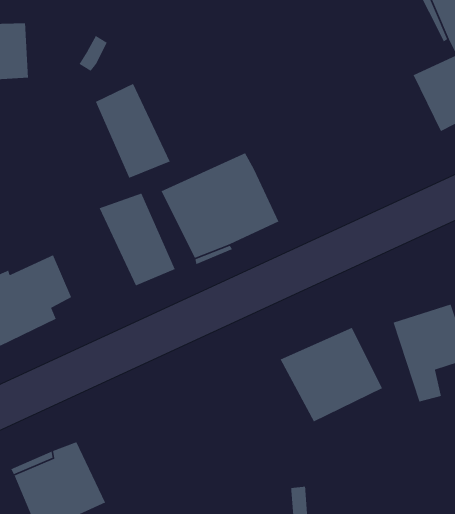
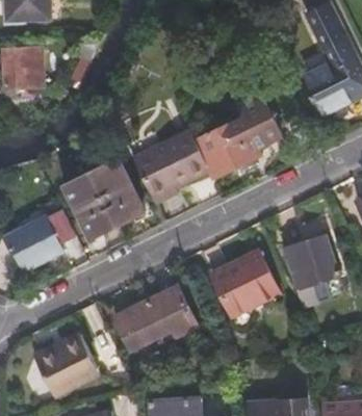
building: [95,83,171,179] -> [63,173,114,237]
building: none -> [195,104,280,182]
building: none -> [117,285,200,348]

